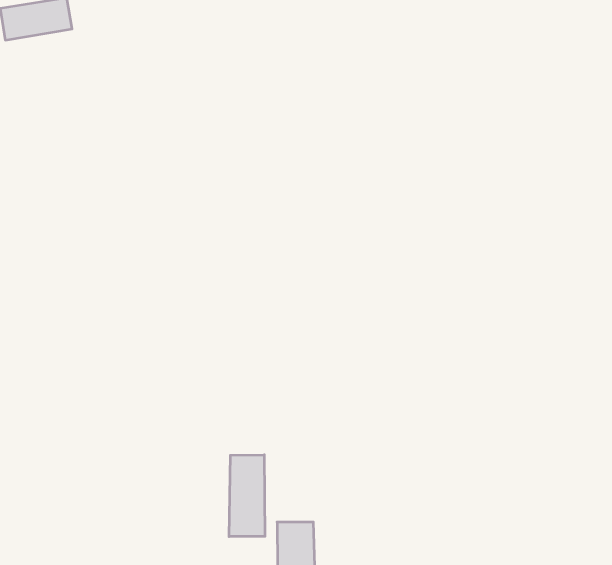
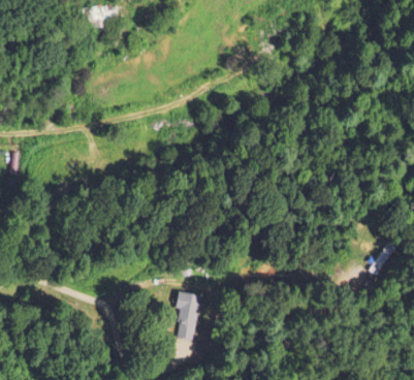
building: [229,455,265,537] -> none

